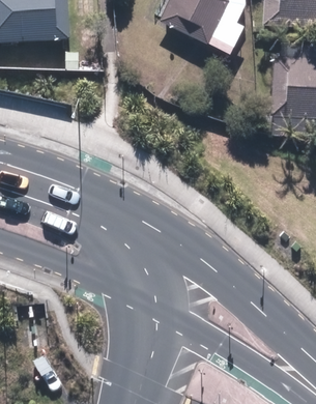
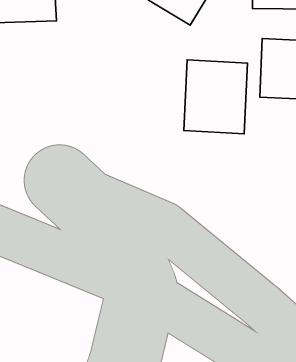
building: none -> [184,60,247,134]

